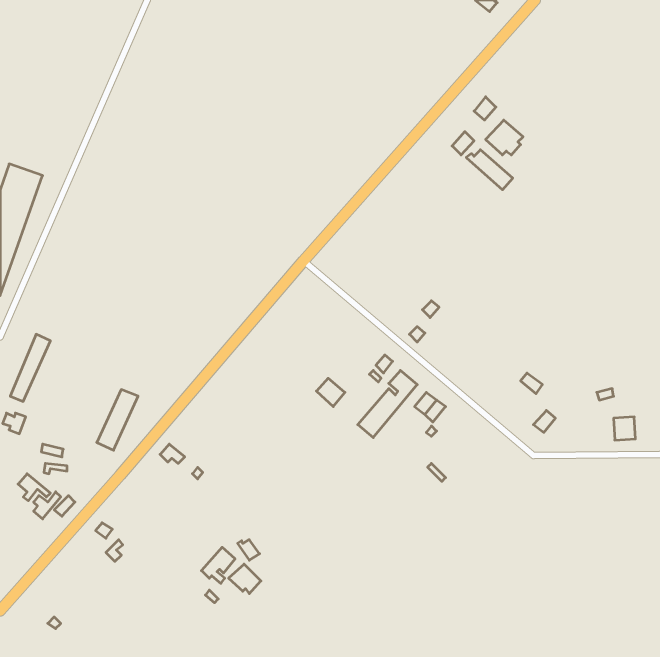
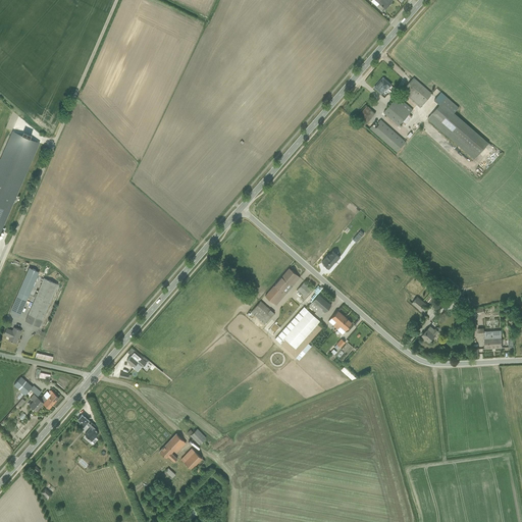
building: none -> [402,79,431,106]
building: none -> [427,93,488,158]
building: none -> [264,269,299,306]
building: [97,390,138,450] -> [25,279,58,327]

